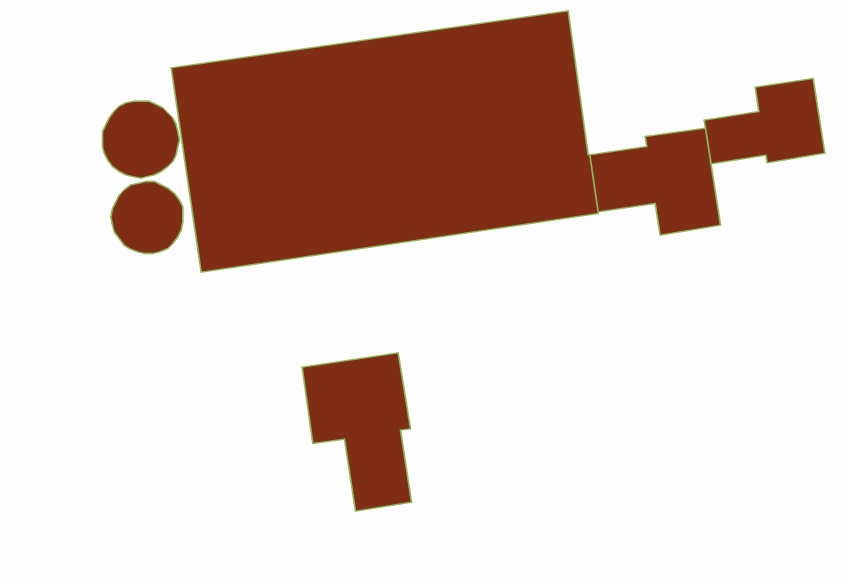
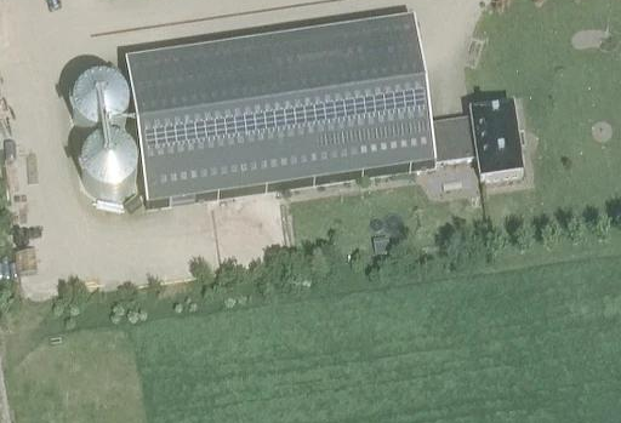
building: [704,79,825,164] -> none
building: [302,353,412,511] -> none

